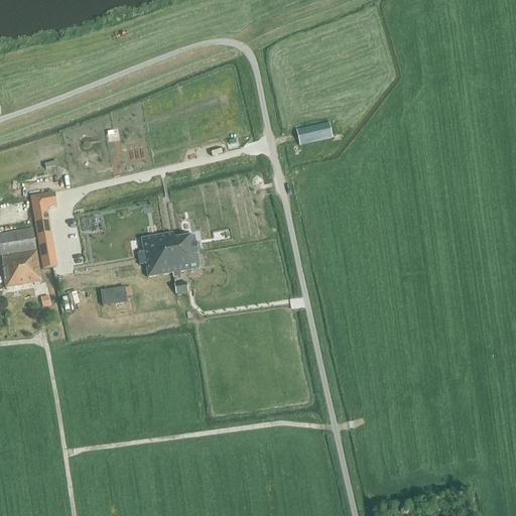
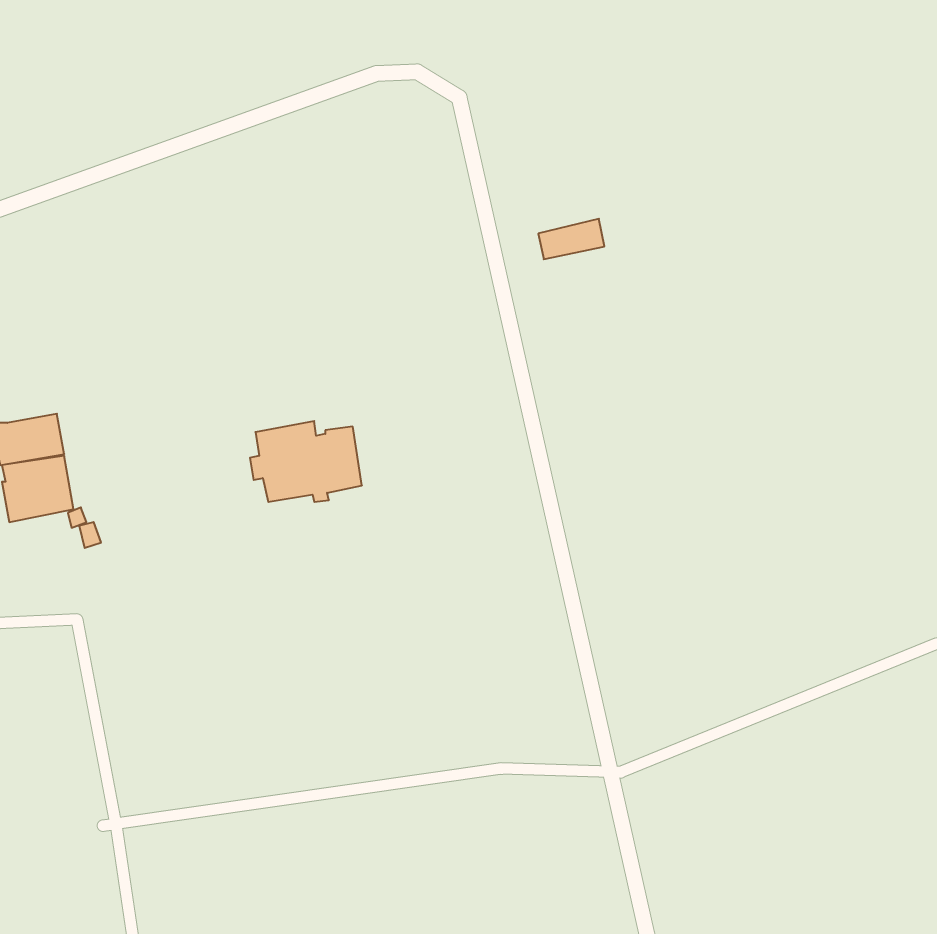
building: [29,190,56,266] -> none
building: [99,285,126,303] -> none

